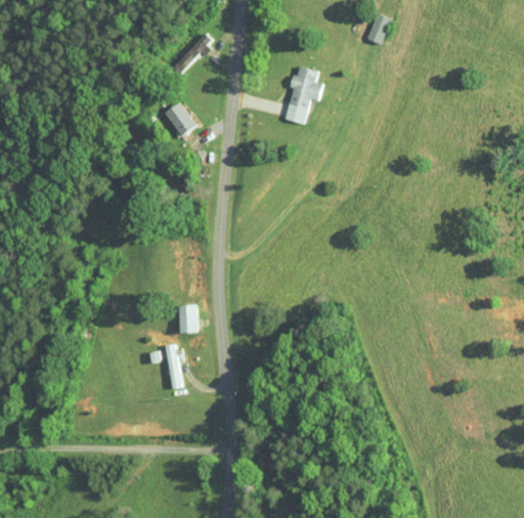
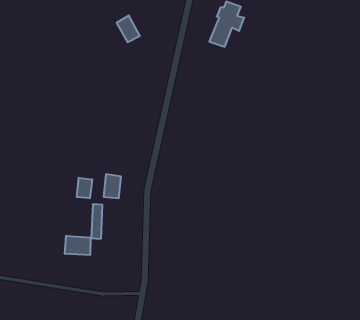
building: none -> [77,178,92,198]
building: none -> [65,236,91,255]

